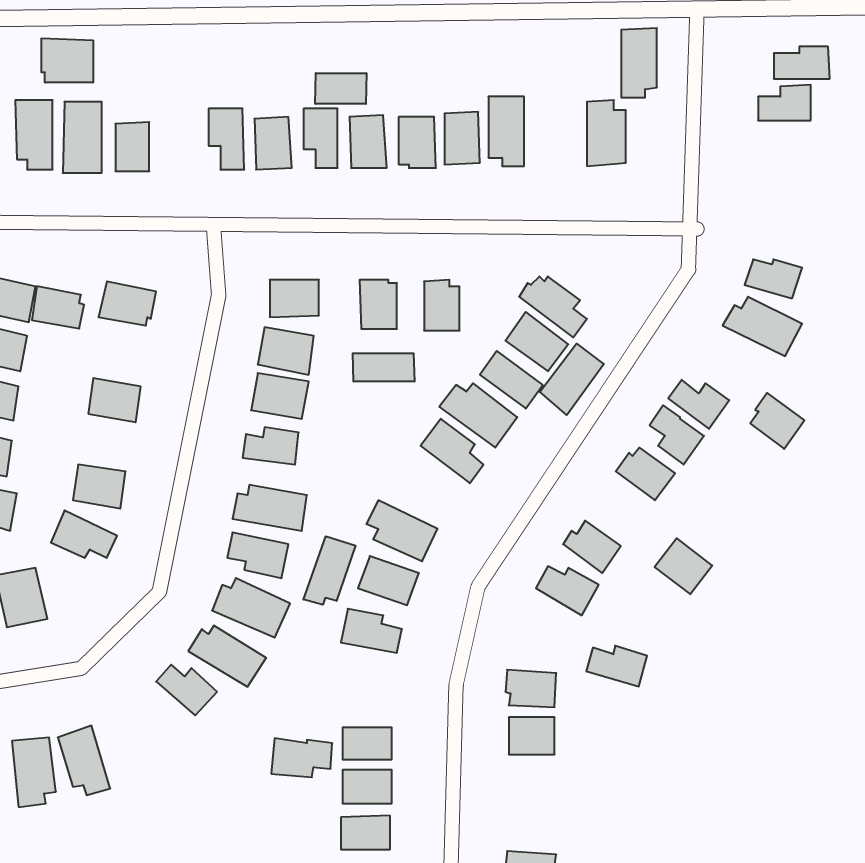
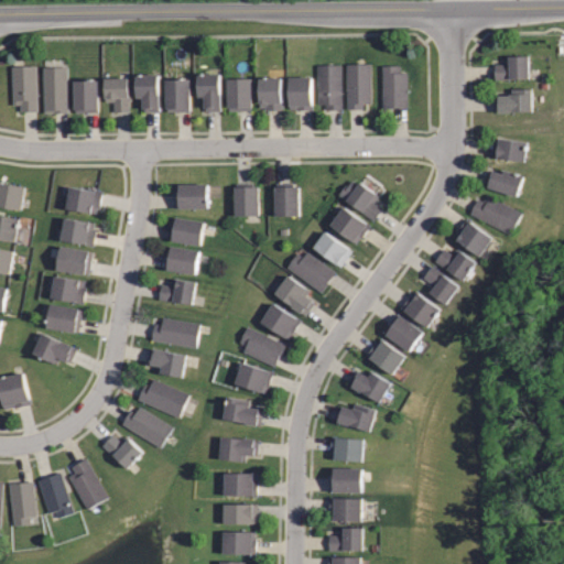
building: [621,28,657,98] -> [347,64,370,109]
building: [41,38,93,83] -> none
building: [774,47,830,79] -> [494,93,530,113]
building: [315,73,366,104] -> none
building: none -> [102,79,127,113]
building: none -> [491,139,524,162]
building: [32,286,84,329] -> [63,219,97,247]
building: [540,344,604,415] -> none
building: [353,353,414,382] -> none
building: [750,393,804,449] -> [454,220,489,257]
building: none -> [52,275,86,303]
building: none -> [259,304,301,340]
building: [303,536,356,605] -> none
building: [655,538,712,594] -> [384,315,422,351]
building: [586,646,647,687] -> [334,404,373,431]
building: none -> [68,459,108,511]
building: [271,738,332,777] -> [217,437,257,463]
building: none -> [328,497,361,521]
building: none -> [328,528,362,551]

